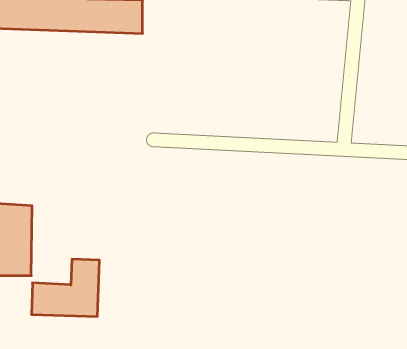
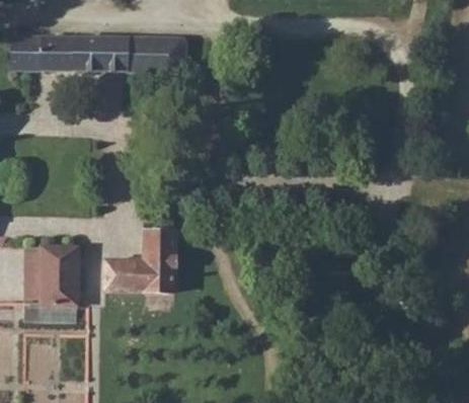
building: [31,259,99,316] -> [107,234,177,293]

